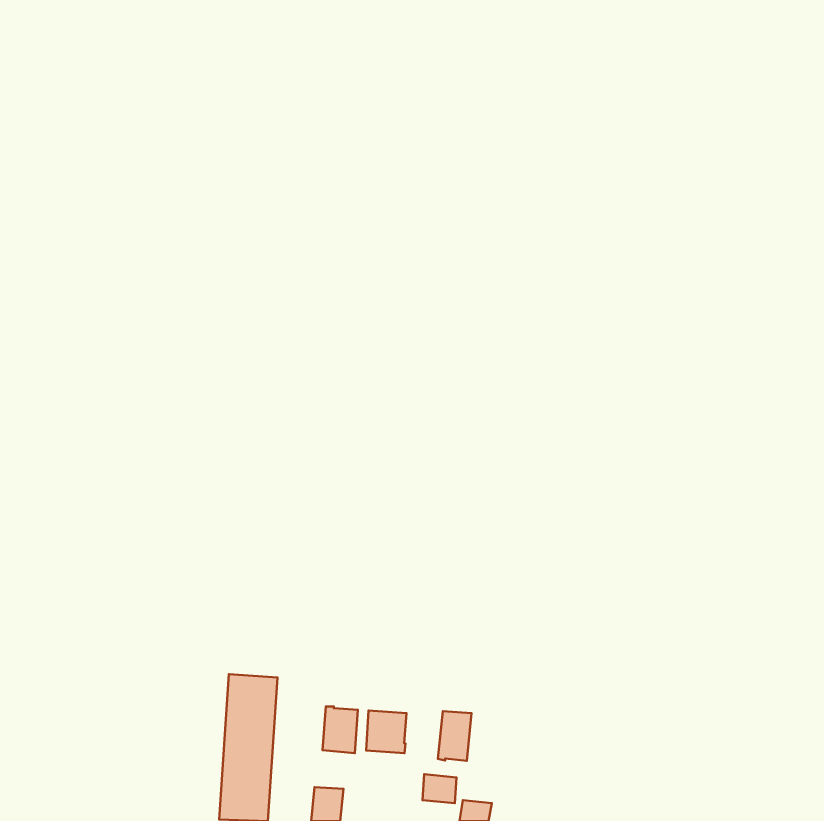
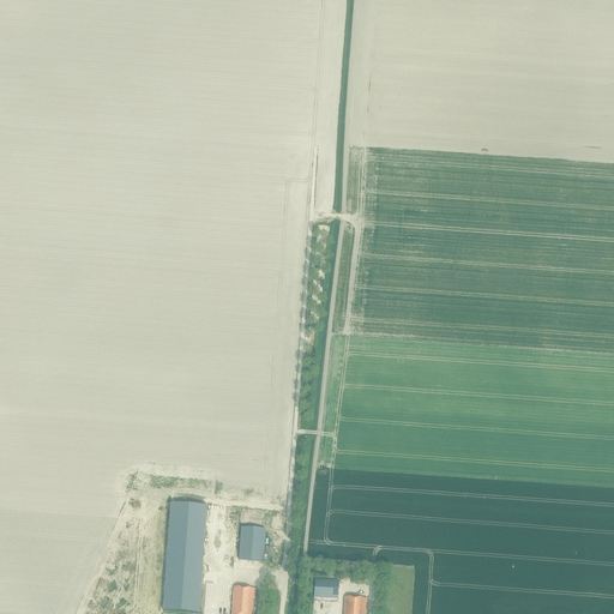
building: [366,710,407,753] -> none
building: [438,711,472,761] -> none

